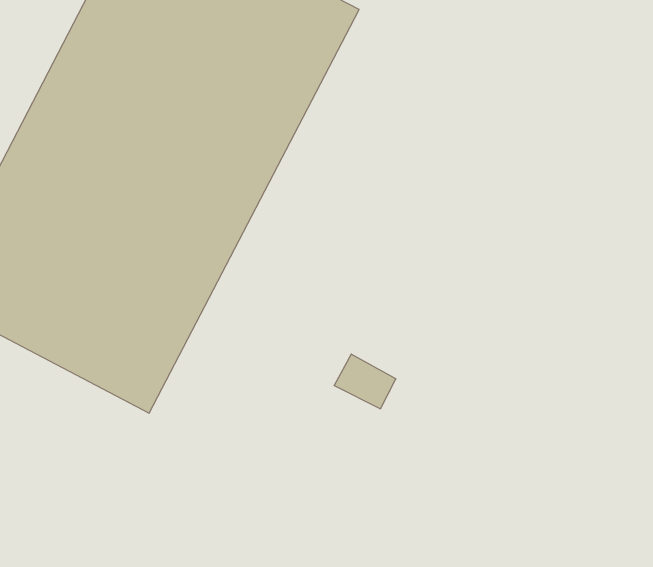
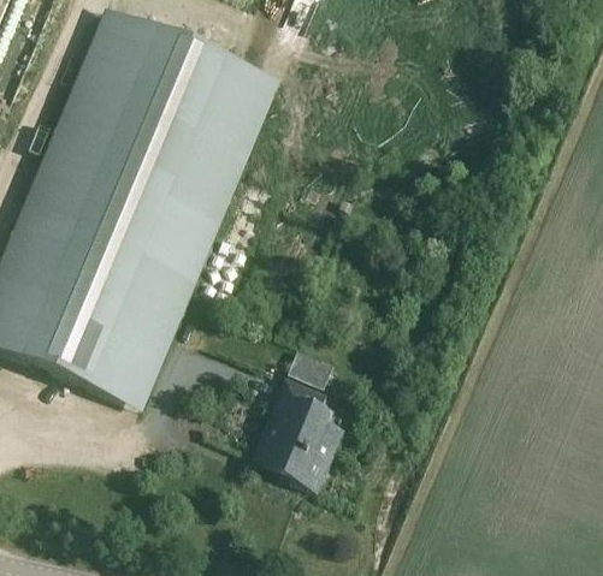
building: none -> [255,372,344,485]

